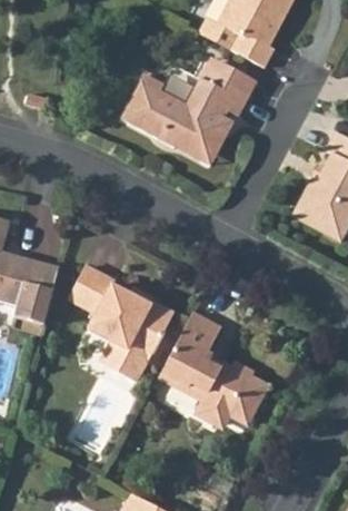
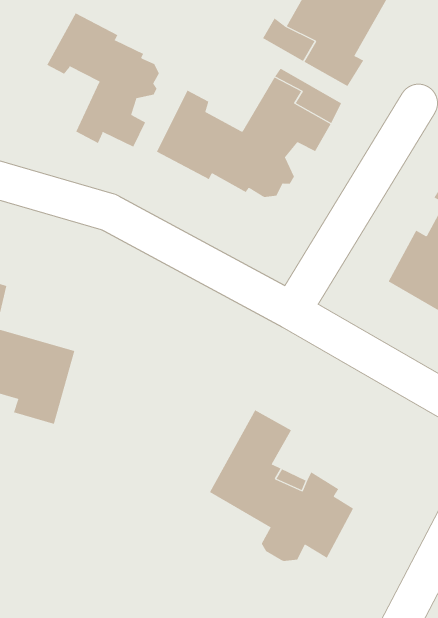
building: none -> [46,12,159,148]
building: [72,266,173,377] -> none

